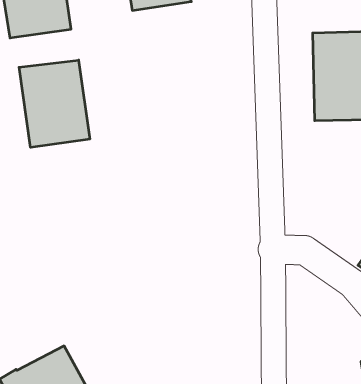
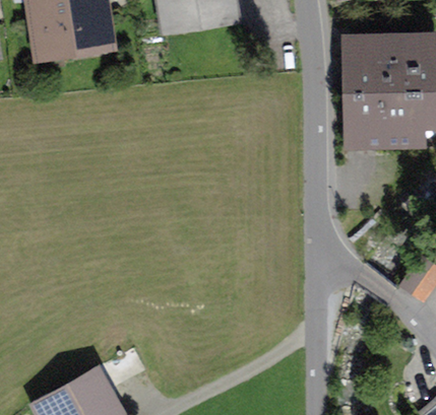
building: [19,60,90,147] -> none

